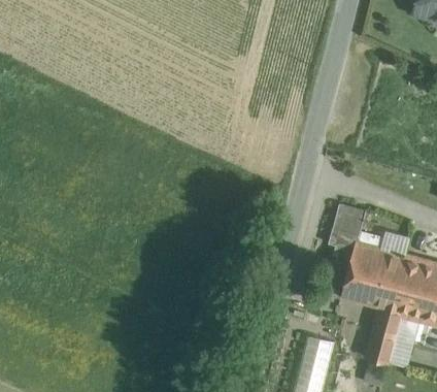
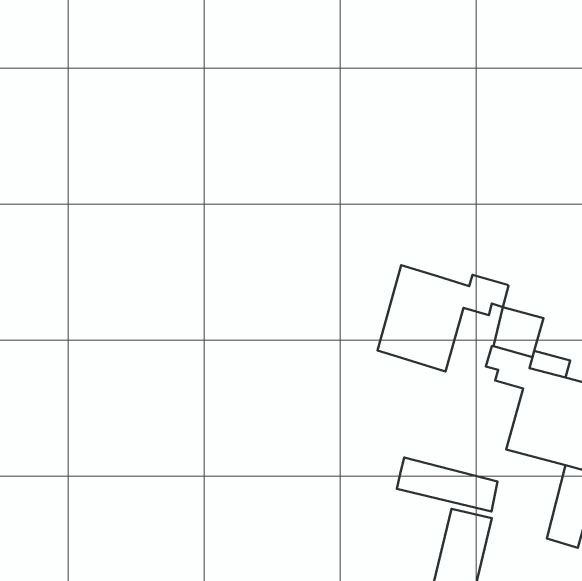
building: none -> [377,265,509,371]
building: none -> [397,458,498,511]

